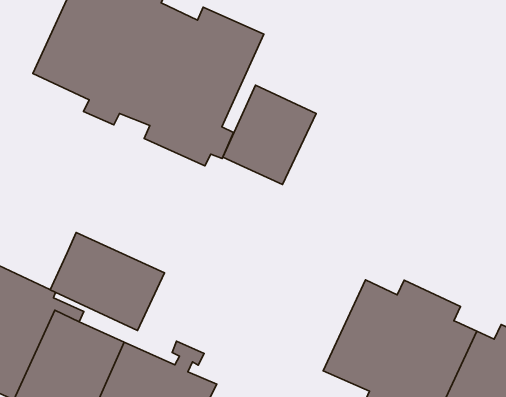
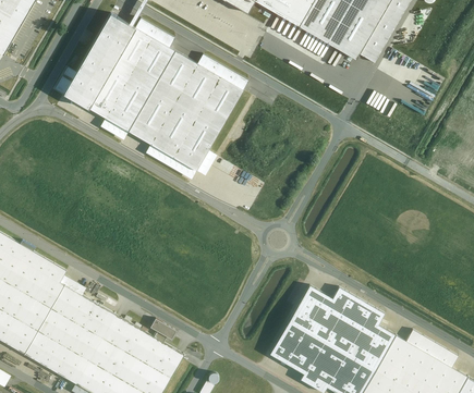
building: [223,85,316,184] -> none
building: [50,233,164,331] -> none

